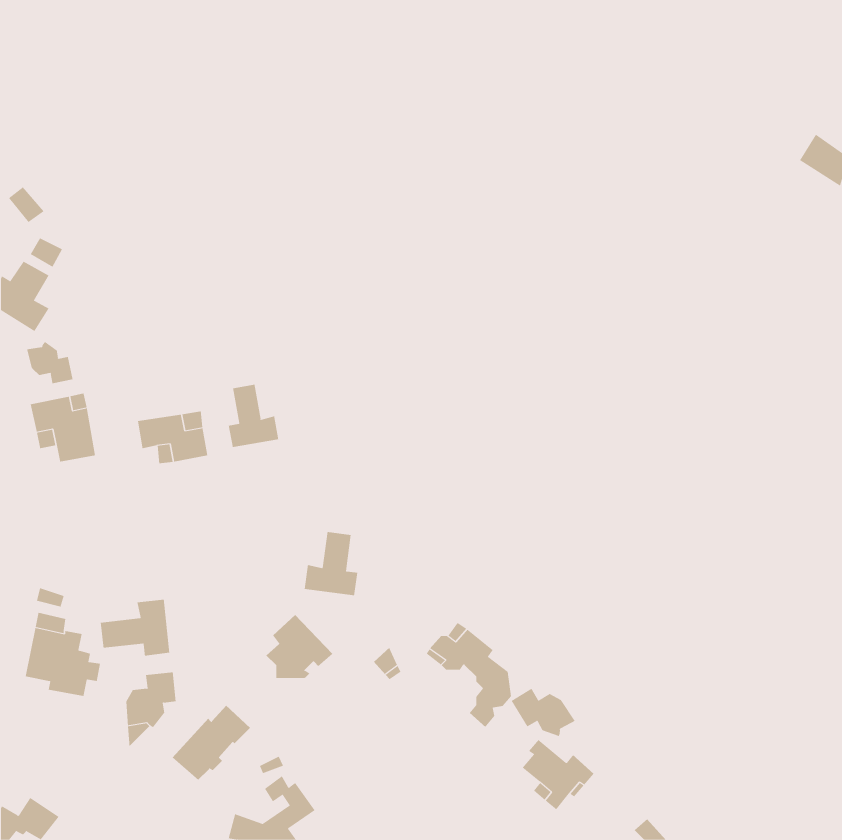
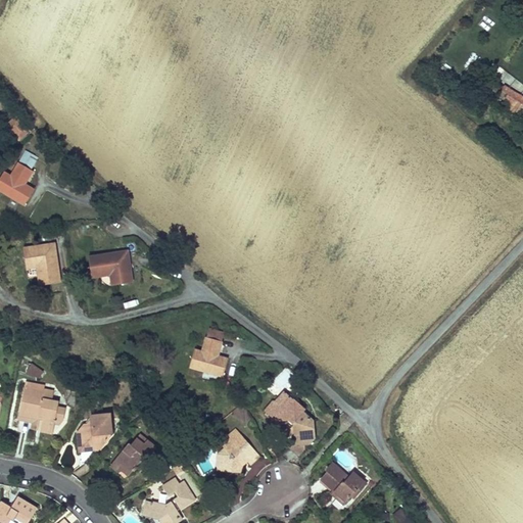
building: [27,341,73,384] -> none
building: [228,384,279,448] -> none
building: [100,599,170,656] -> none
building: [265,614,333,678] -> [216,429,257,469]
building: [511,688,576,737] -> none

